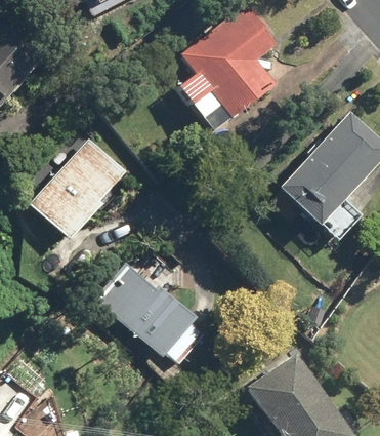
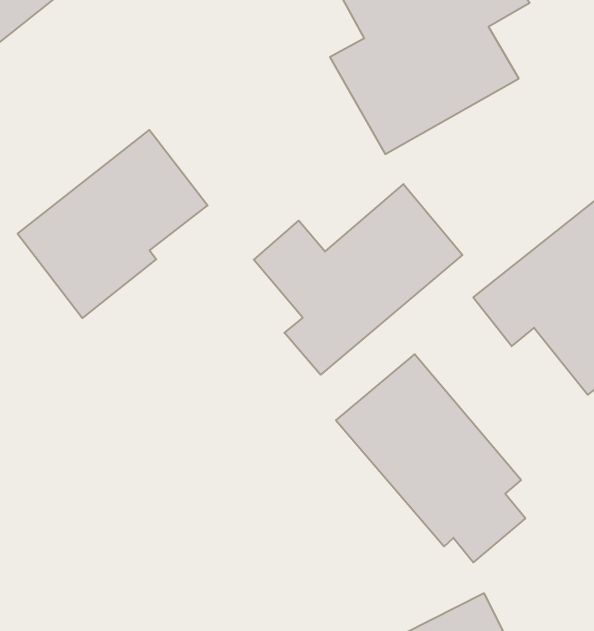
building: none -> [254,184,462,375]
building: [95,259,201,362] -> [336,354,525,562]

